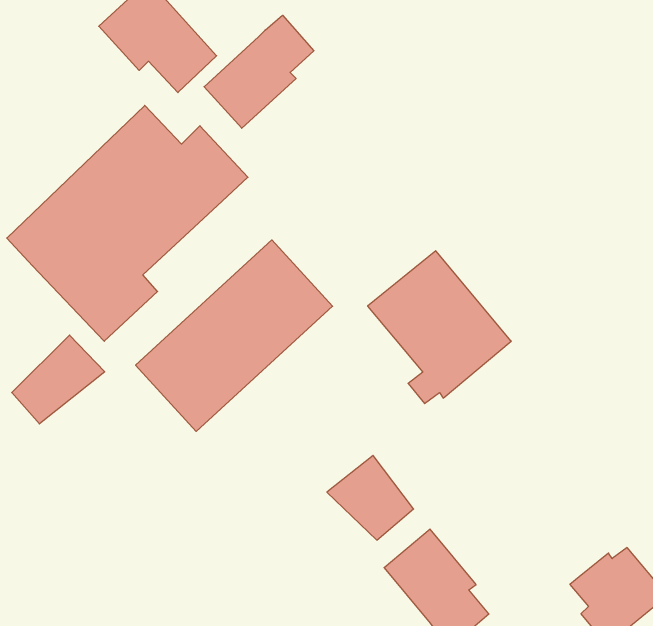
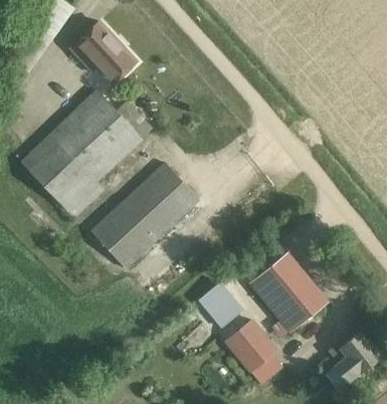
building: [204,15,314,128] -> none
building: [368,251,511,404] -> [249,252,328,336]
building: [12,335,105,424] -> none

